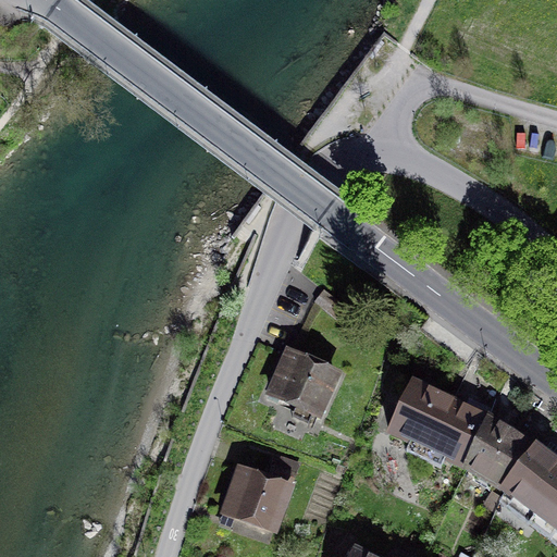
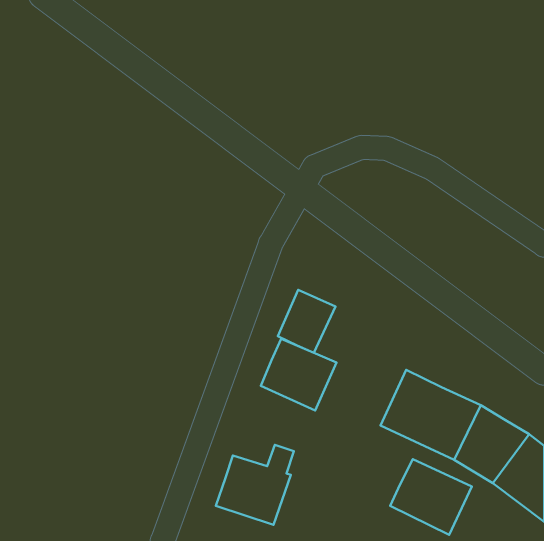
building: none -> [278,290,335,353]
building: none -> [390,459,472,535]

